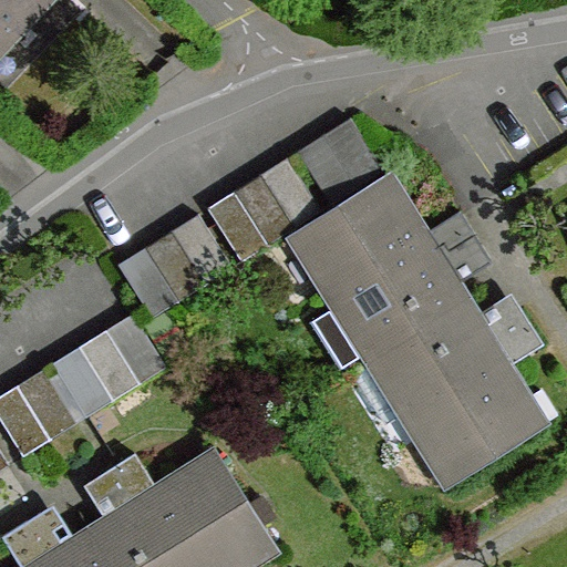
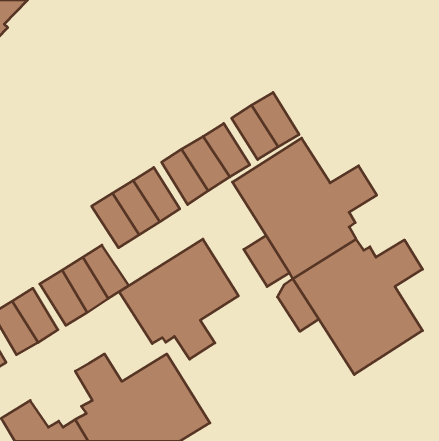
building: none -> [119,239,238,359]

